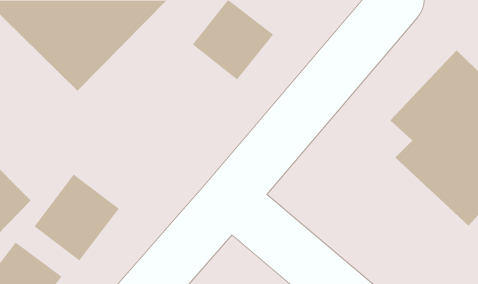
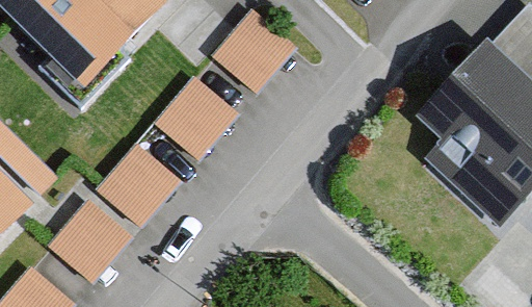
building: none -> [150,63,238,152]
building: none -> [94,130,180,216]

